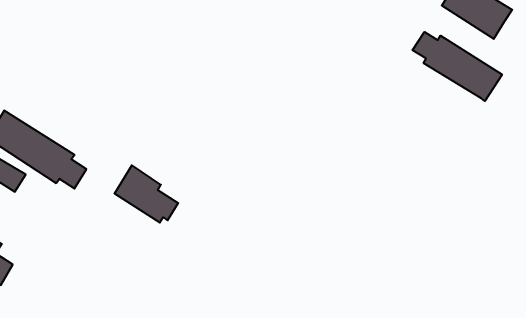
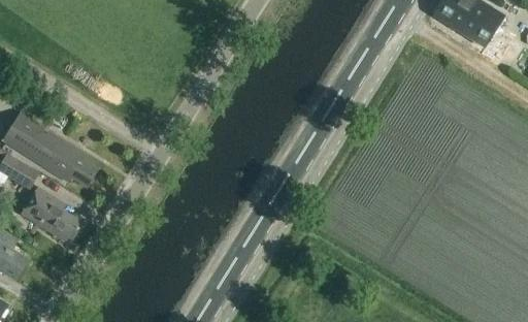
building: [413,32,502,101] -> none
building: [114,165,178,223] -> [22,186,82,240]

